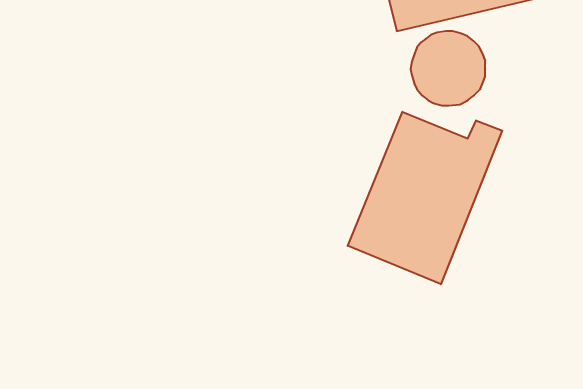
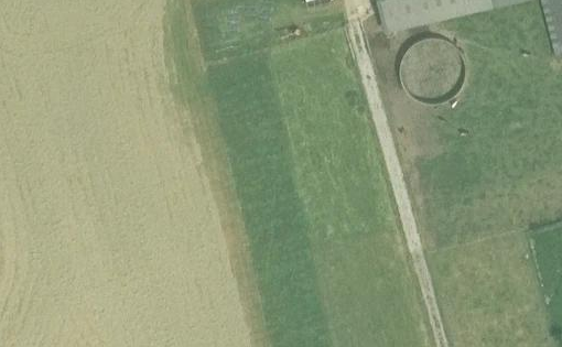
building: [348,112,502,284] -> none

